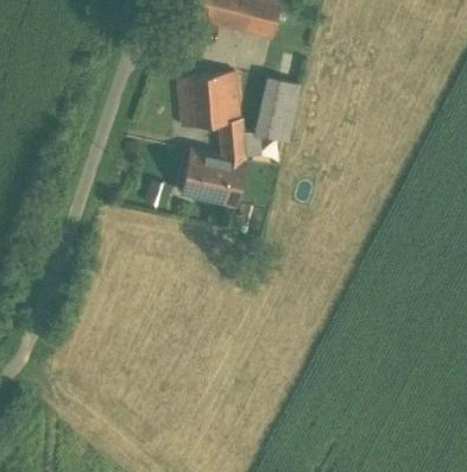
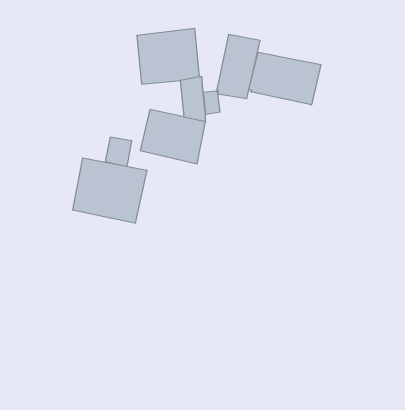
building: none -> [249,52,321,105]
building: none -> [73,158,147,223]

